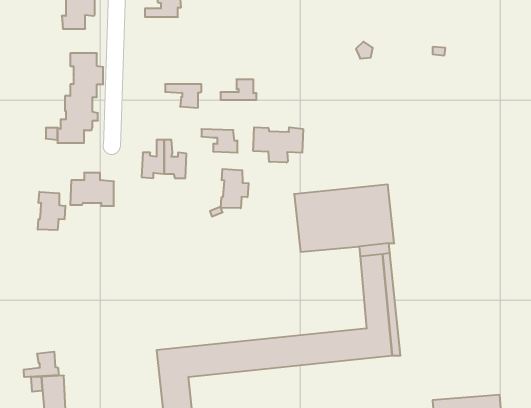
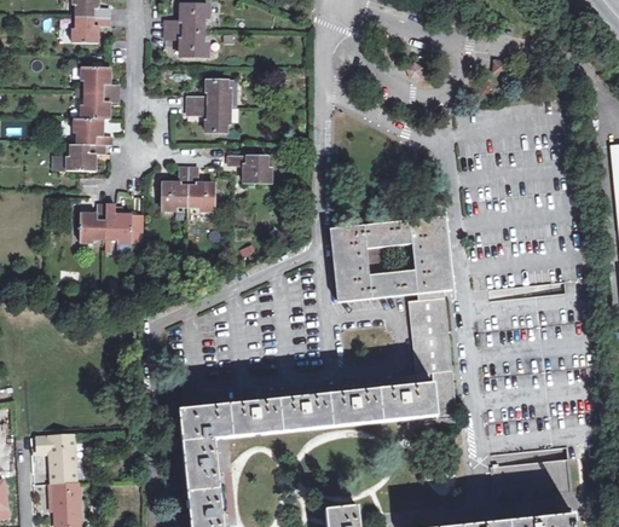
building: none -> [166,29,206,54]
building: [220,79,257,100] -> [189,82,230,105]
building: [253,127,303,163] -> none
building: [221,169,248,208] -> none
building: [38,192,65,230] -> none
building: [24,352,59,377] -> none

